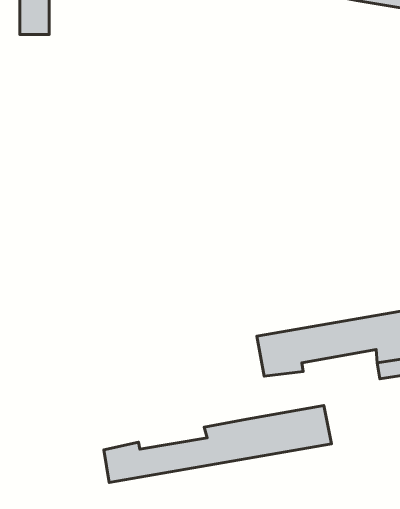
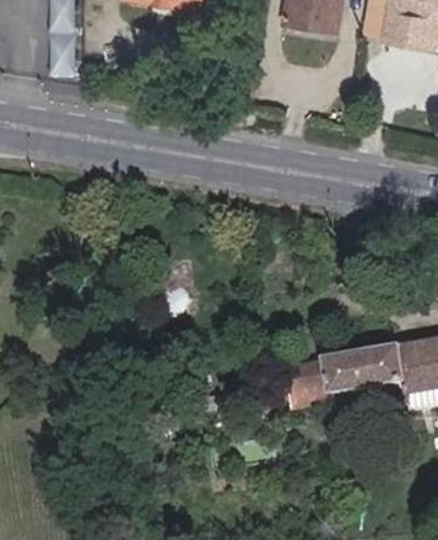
building: [104,406,331,482] -> none

